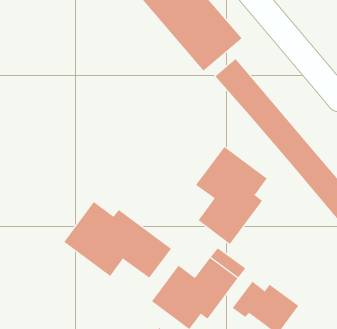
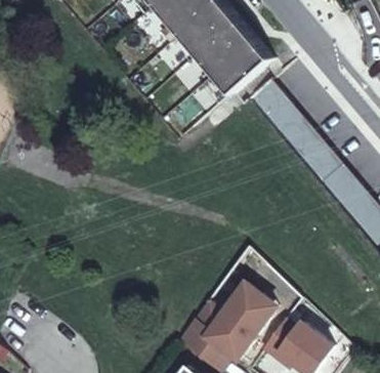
building: [195,146,268,245] -> none
building: [64,201,172,279] -> none

